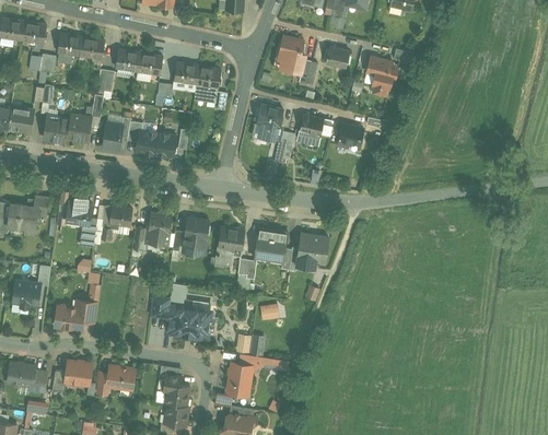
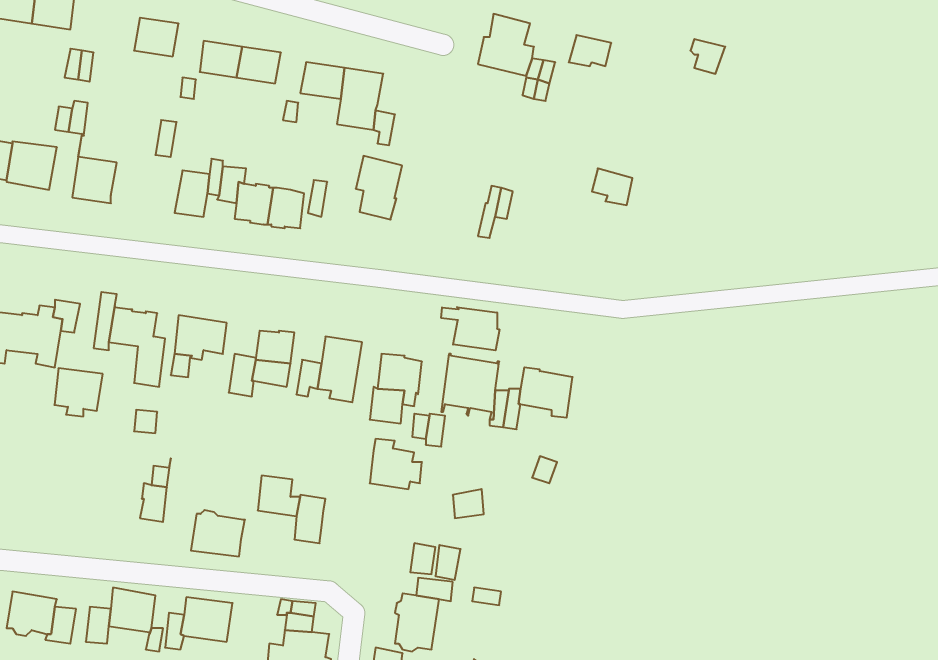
building: [57,34,82,62] -> none
building: [365,56,396,95] -> none
building: [256,105,282,141] -> [356,156,402,220]
building: [66,115,90,141] -> none
building: [296,115,322,145] -> none
building: none -> [441,307,499,350]
building: [12,281,39,308] -> [54,368,103,416]
building: [54,304,84,330] -> [191,510,245,556]
building: [184,309,213,338] -> [370,439,422,489]

